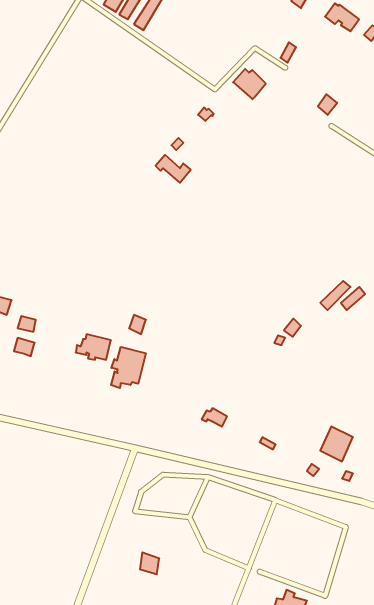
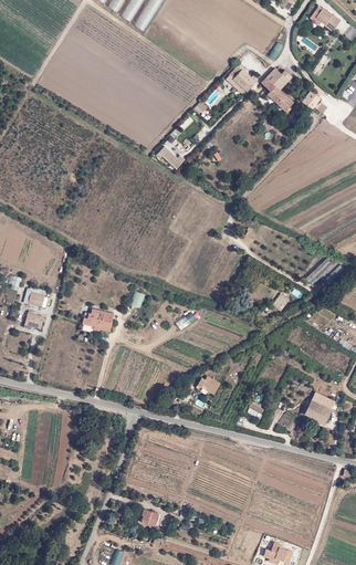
building: none -> [261,66,293,108]
building: [111,347,146,388] -> none

